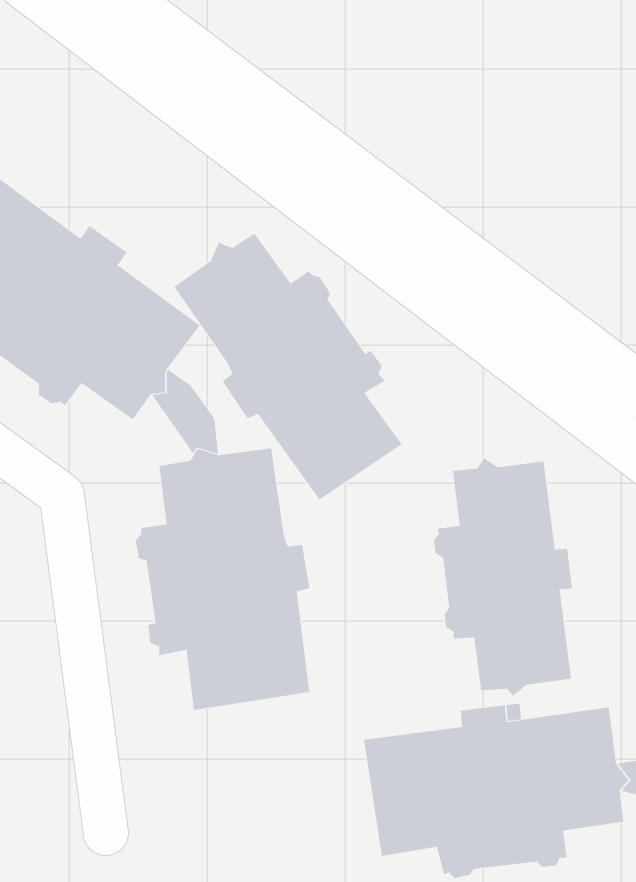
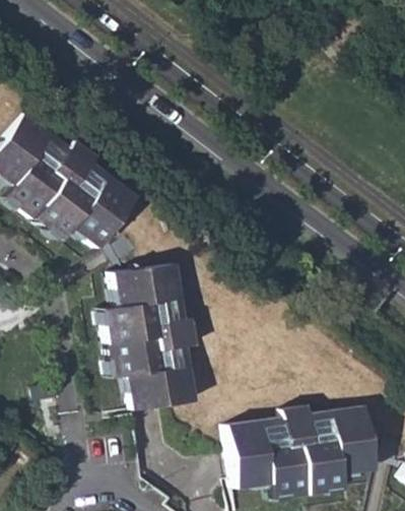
building: [174,233,402,501] -> none
building: [434,457,572,697] -> none

